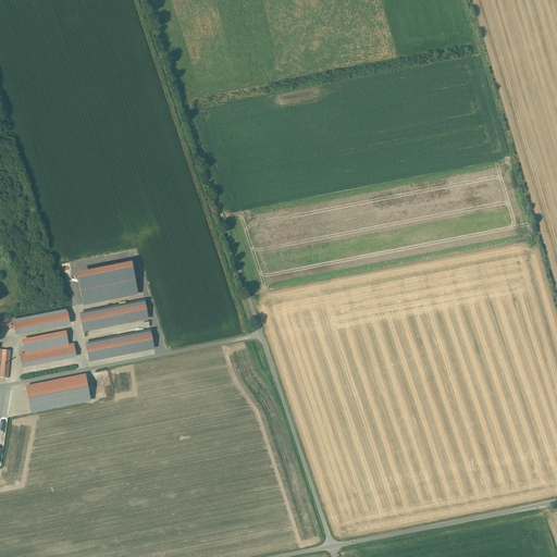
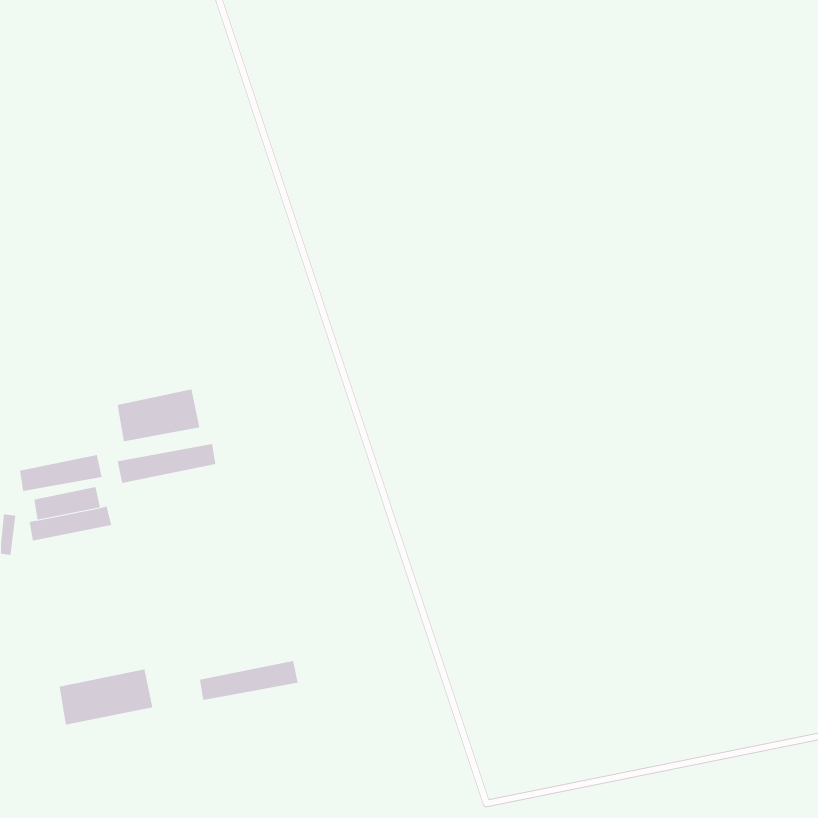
building: [86,331,153,358] -> [199,660,298,700]
building: [26,374,90,412] -> [59,669,153,725]

